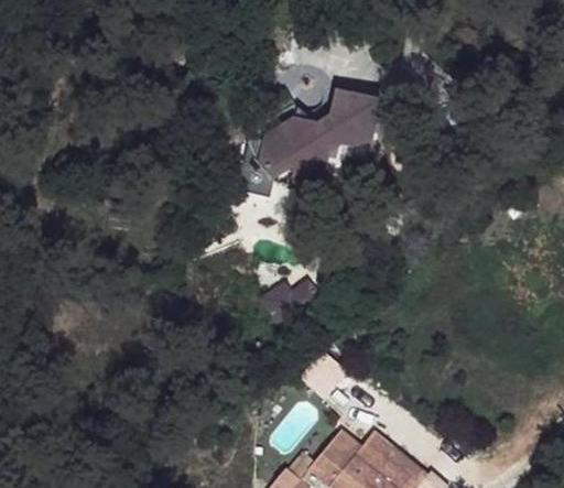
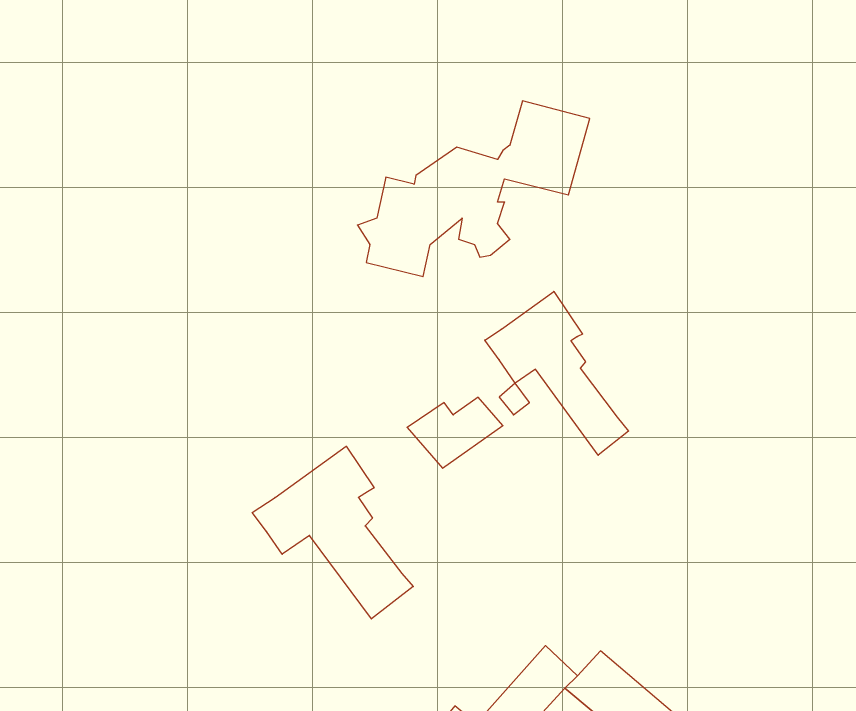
building: none -> [485,291,629,455]
building: none -> [252,446,413,619]

